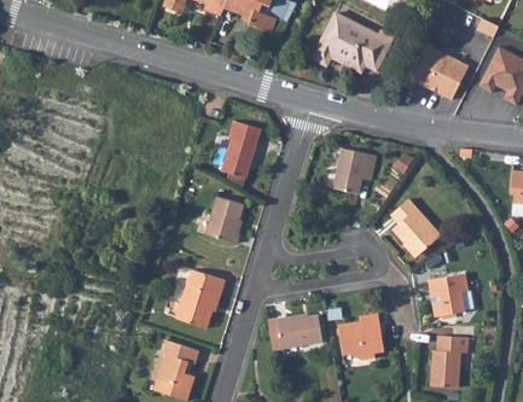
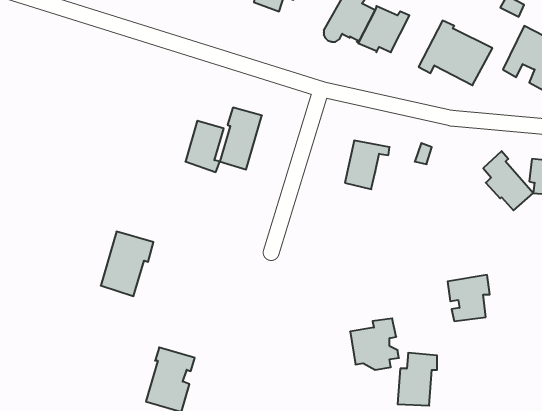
building: [204,194,239,241] -> [185,121,224,172]
building: [393,202,438,256] -> [483,151,533,210]
building: [174,268,222,327] -> [101,232,153,296]
building: [271,317,324,351] -> none
building: [430,336,466,384] -> [398,353,437,406]

